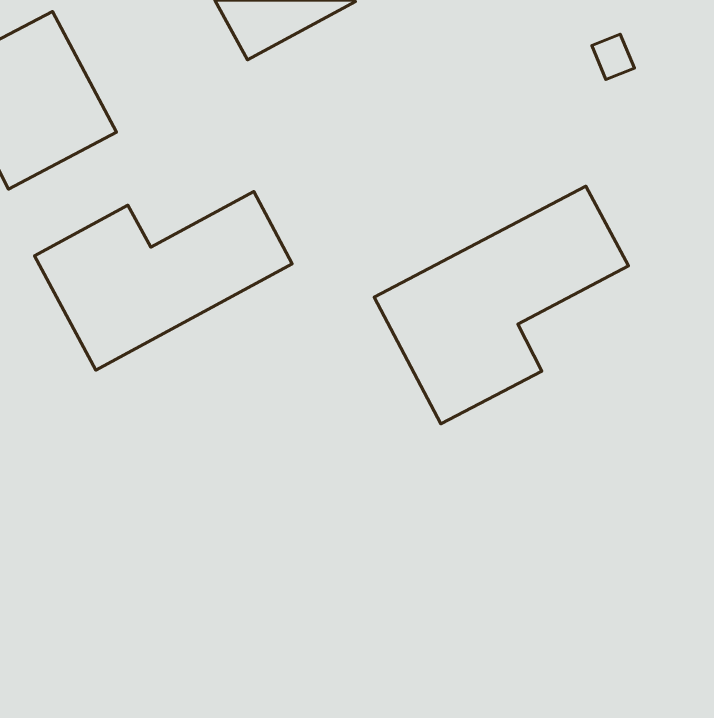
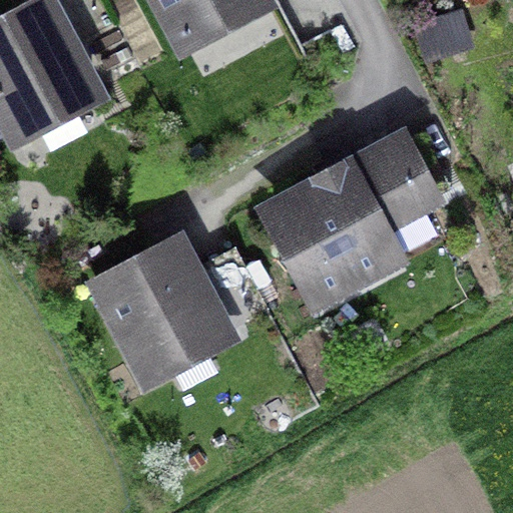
building: [34,192,292,370] -> none
building: none -> [94,252,260,380]

